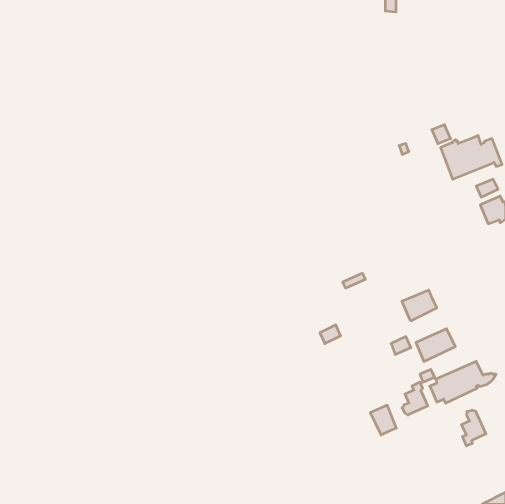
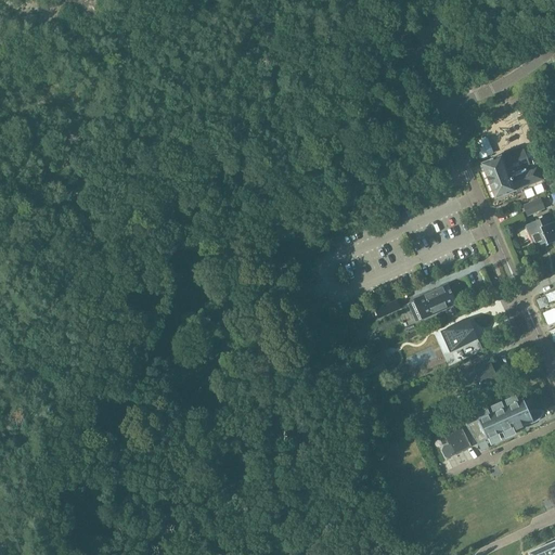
building: none -> [410,283,457,318]
building: [370,405,396,435] -> none
building: [462,410,486,446] -> none

